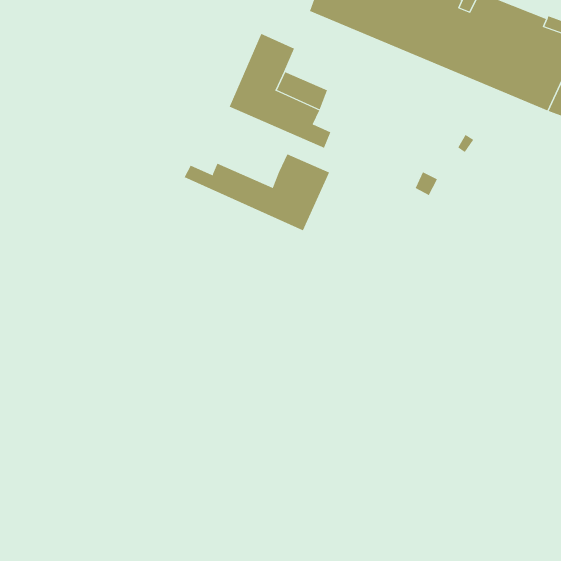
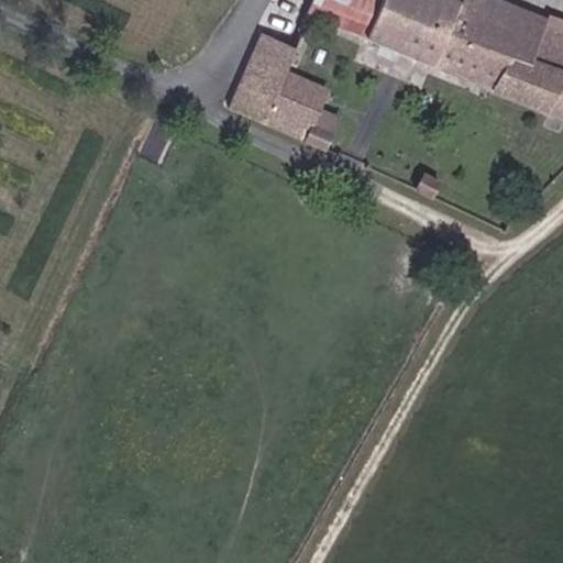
building: [184,153,330,231] -> none

